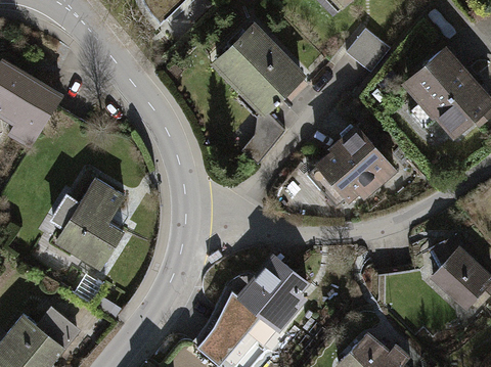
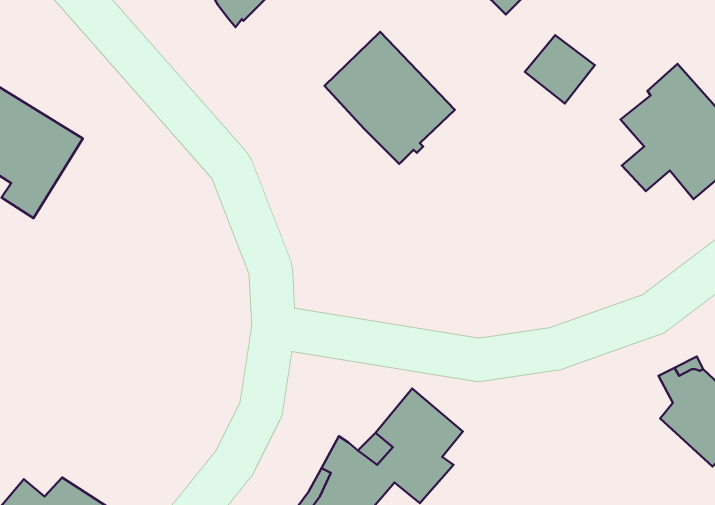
building: [236,90,285,165] -> none
building: [308,125,395,209] -> none
building: [53,179,125,269] -> none

